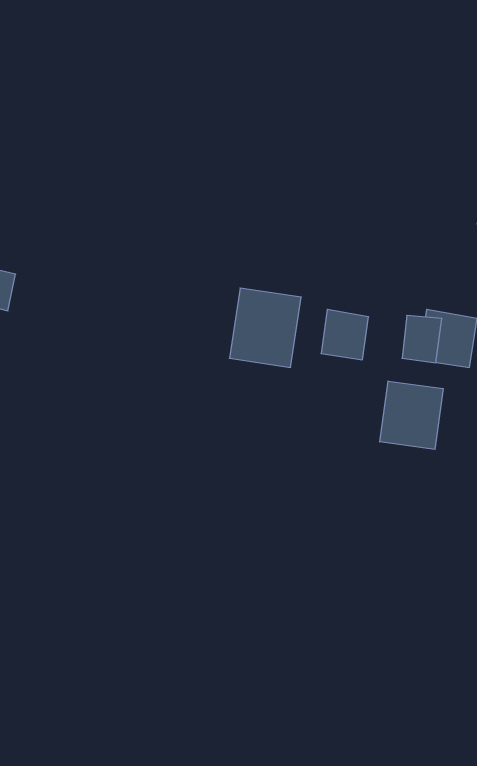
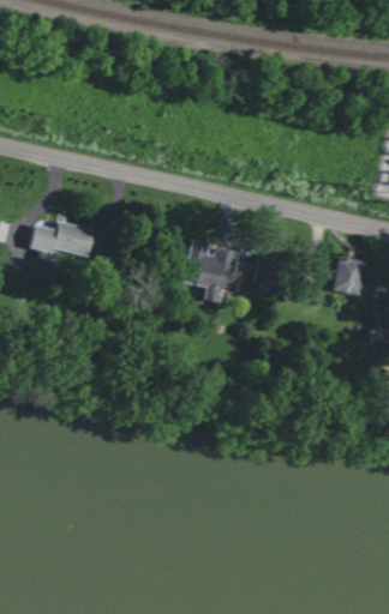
building: none -> [30,223,95,263]
building: [380,381,443,449] -> none

